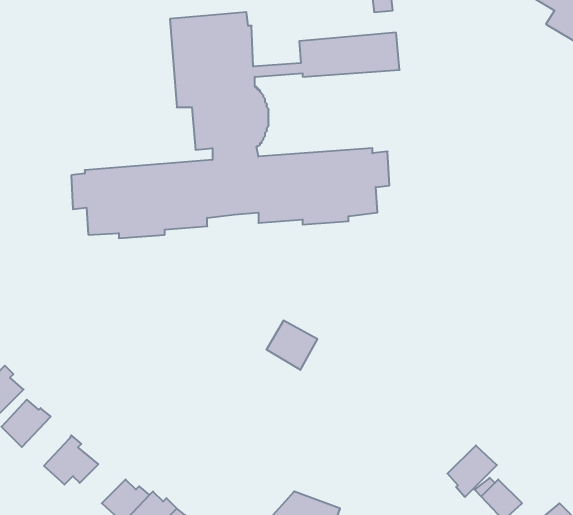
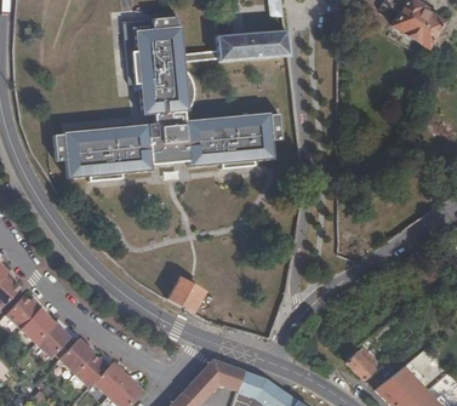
building: [266,321,317,370] -> [165,278,201,313]
building: none -> [18,305,52,341]
building: [447,445,497,497] -> none
building: none -> [59,336,93,367]

